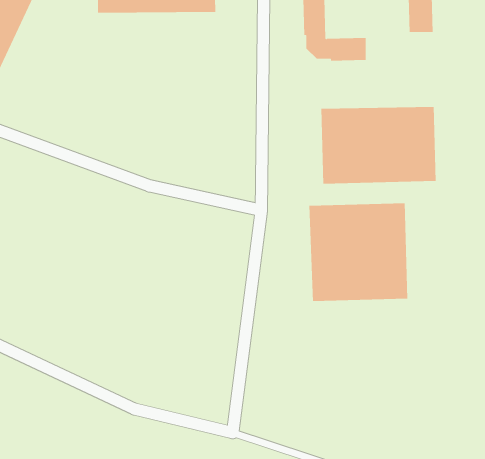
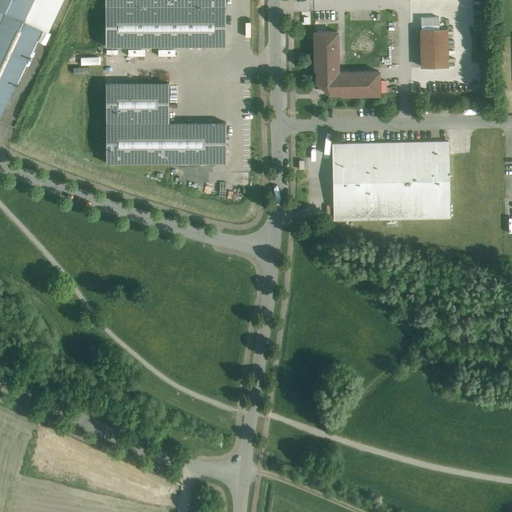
building: none -> [105,83,225,163]
building: [309,203,408,302] -> none

